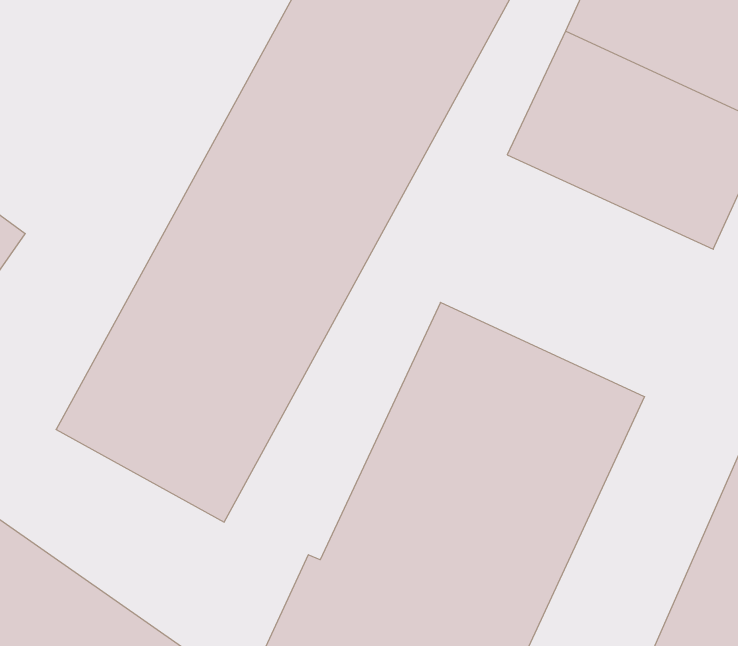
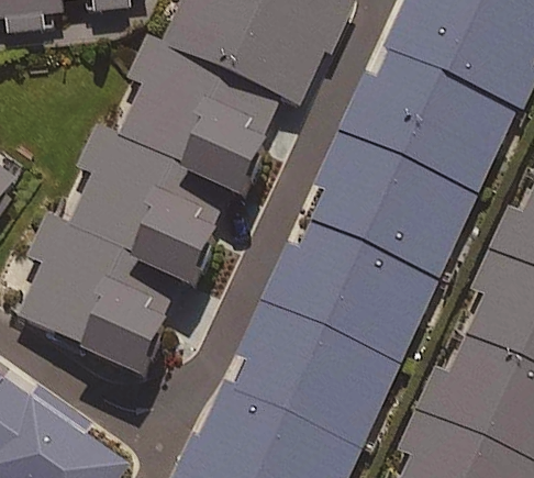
building: none -> [296,130,470,285]

